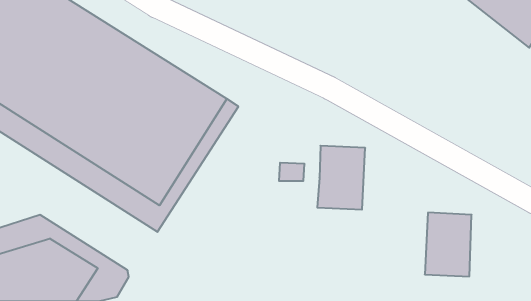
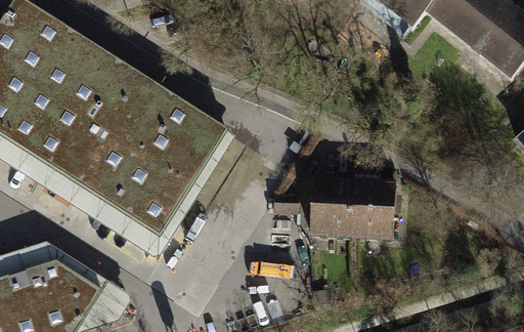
building: [425,213,472,276] -> [352,175,397,237]

